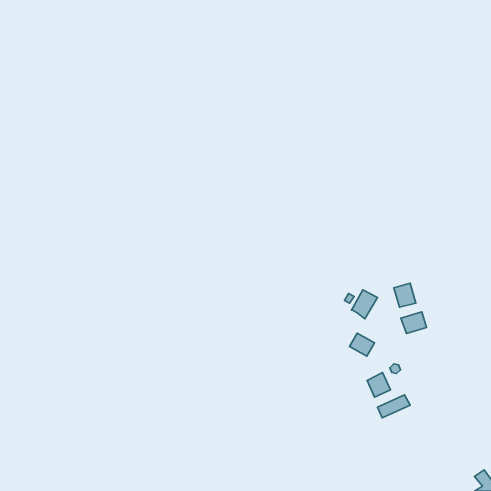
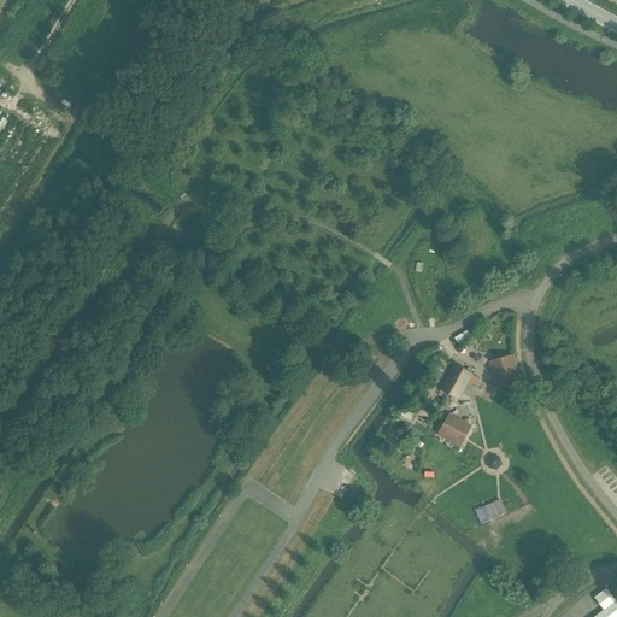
building: [401,312,426,333] -> none
building: [367,372,391,397] -> none

